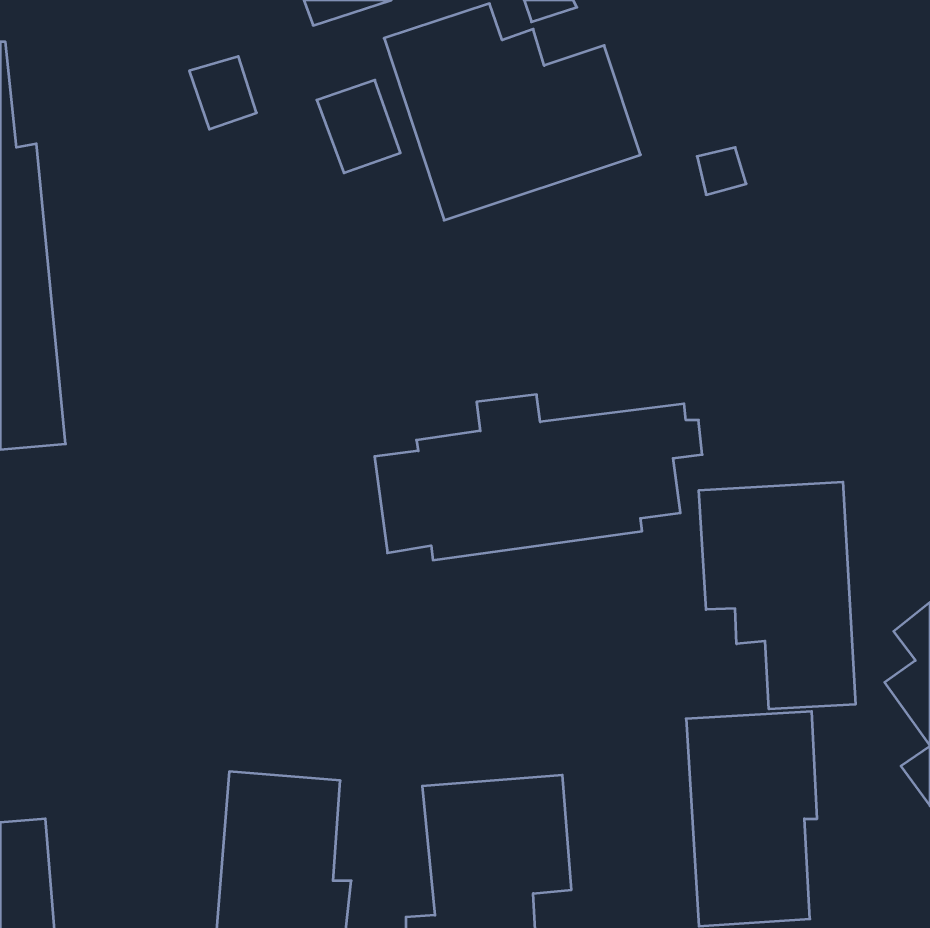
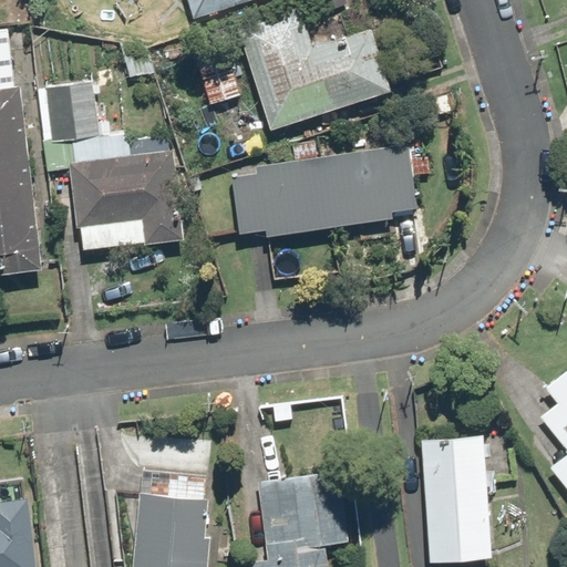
building: none -> [44,81,179,251]
building: [375,395,702,560] -> [229,140,429,240]
building: [699,482,855,709] -> none

